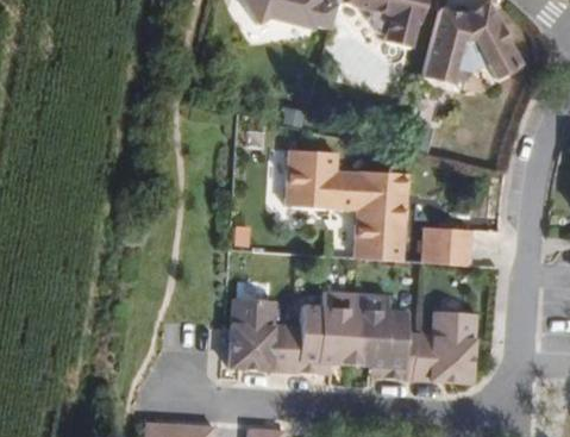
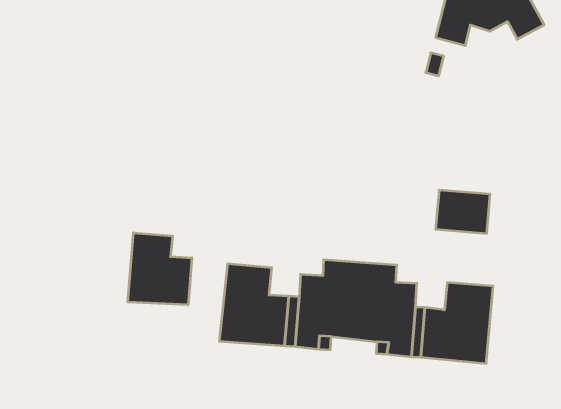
building: [280,137,400,245] -> none
building: none -> [128,233,192,305]

